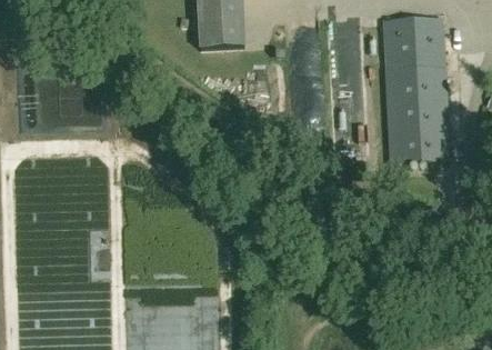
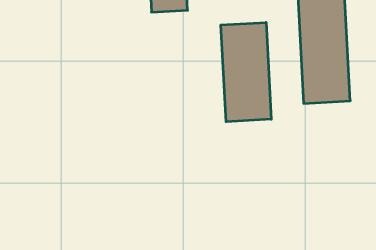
building: none -> [221,22,271,122]

